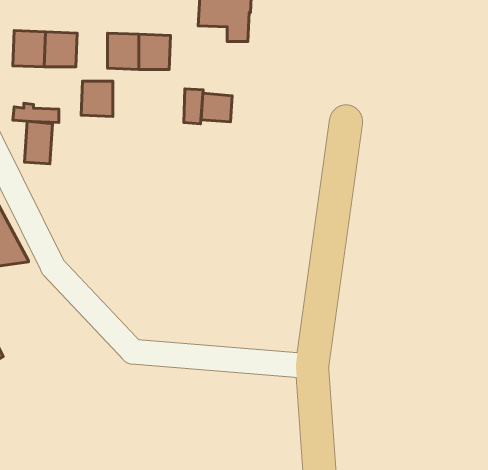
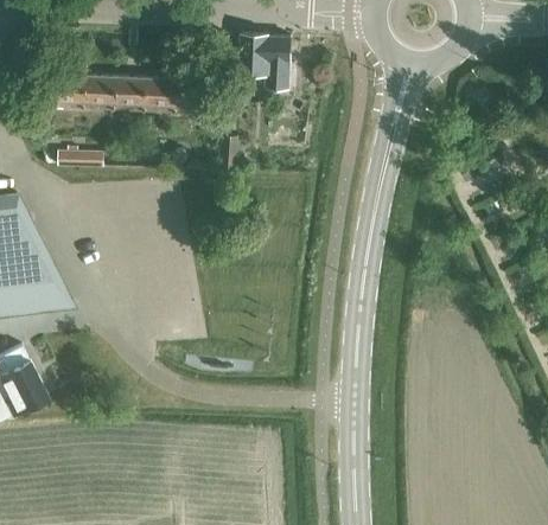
building: [81,81,113,116] -> [119,79,149,114]
building: [201,93,232,122] -> none
building: [25,121,52,164] -> none

